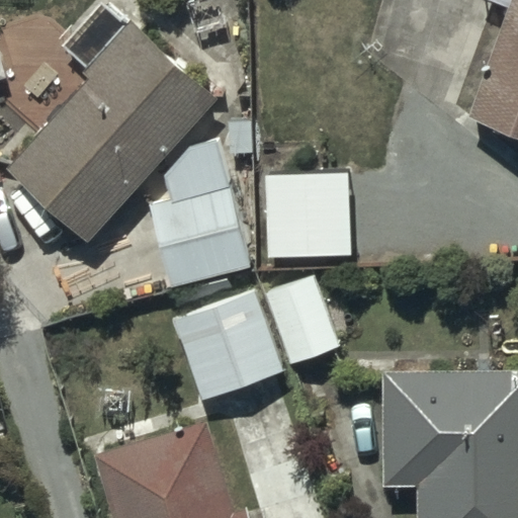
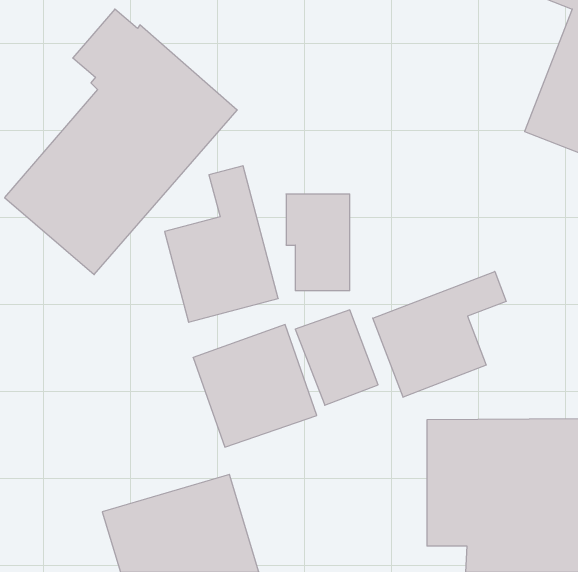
building: none -> [373,271,506,397]

